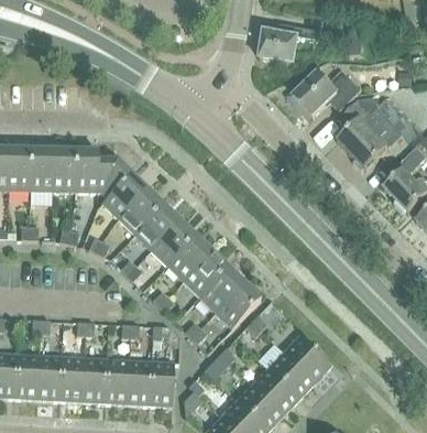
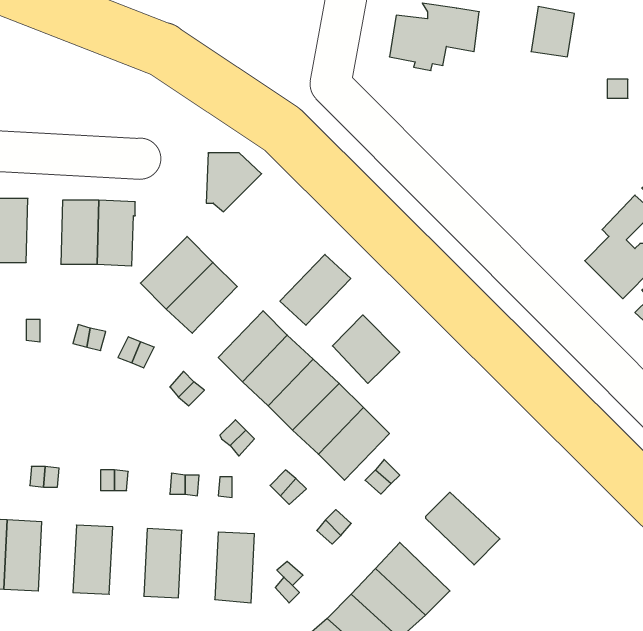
building: [286,68,361,115] -> none
building: [338,96,402,169] -> none
building: [29,148,52,190] -> none
building: [96,159,131,196] -> [206,153,262,212]
building: [134,204,179,249] -> [280,254,351,325]
building: none -> [332,315,400,383]
building: [266,351,314,398] -> none
building: [36,354,61,399] -> none
building: [81,357,106,401] -> none
building: [125,359,151,403] -> none

